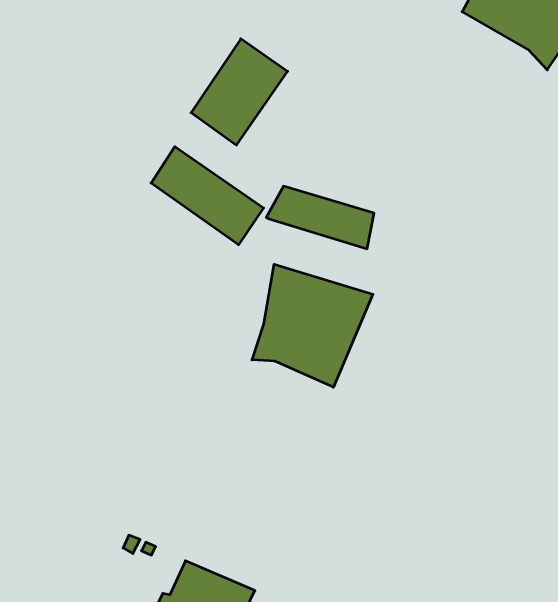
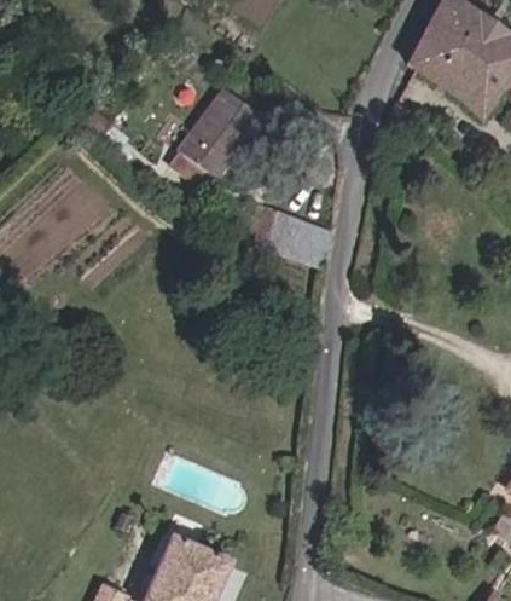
building: [151,147,264,245] -> none
building: [252,264,373,387] -> none

